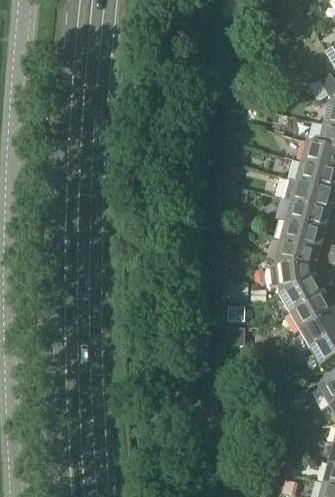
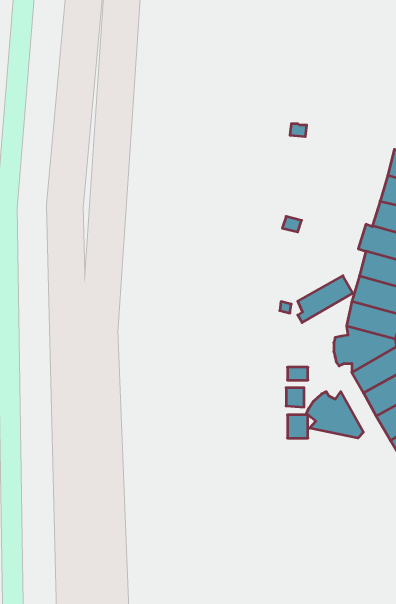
building: none -> [298,276,353,323]
building: none -> [306,392,363,438]

